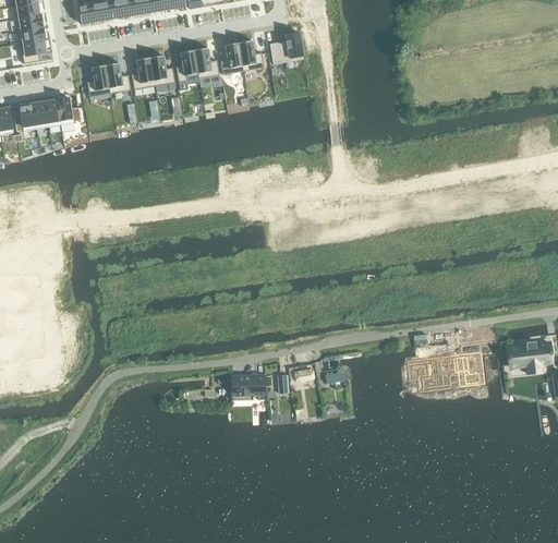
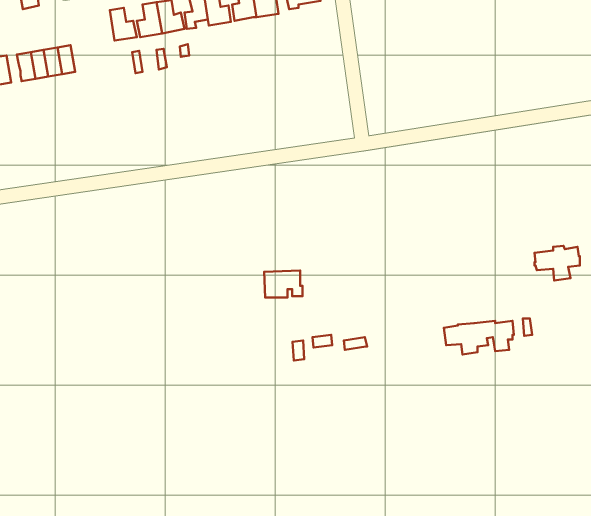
building: [87,64,110,97] -> none
building: [508,340,550,373] -> [534,246,580,281]
building: [231,374,267,399] -> [264,271,302,297]

